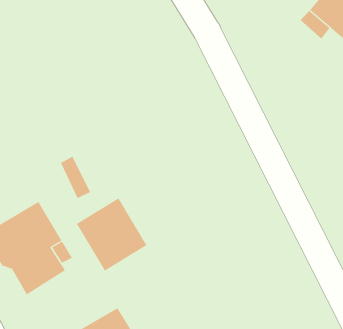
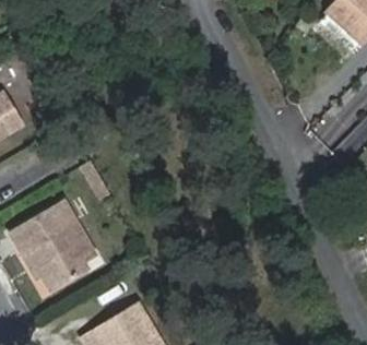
building: [76,197,147,271] -> none

